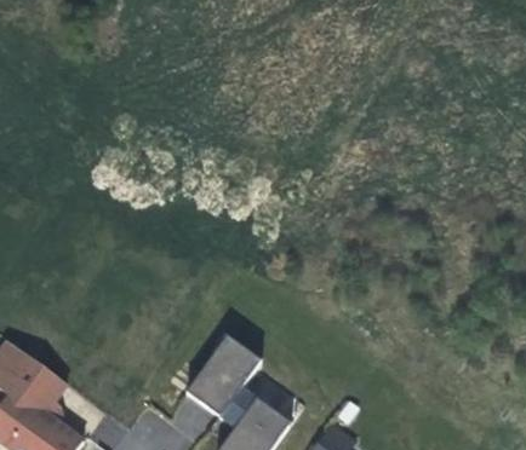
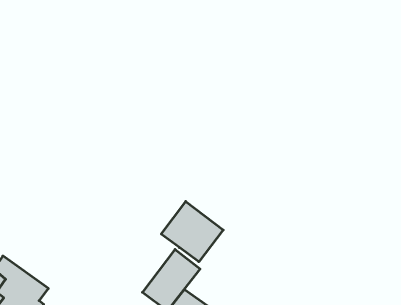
building: none -> [161,201,223,262]

